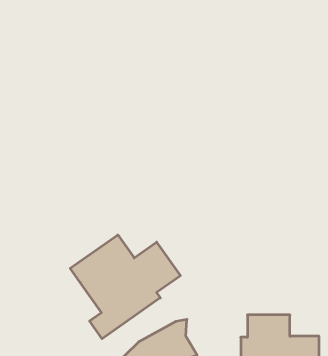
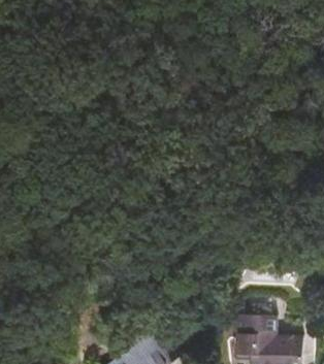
building: [70,235,180,339] -> none

